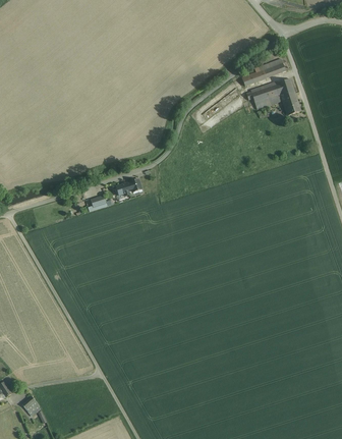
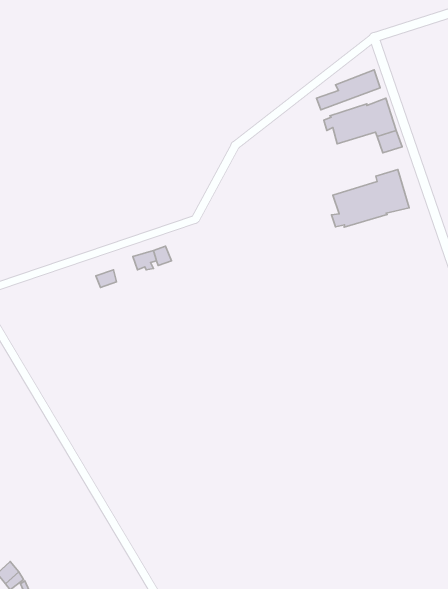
building: none -> [332,169,409,227]

